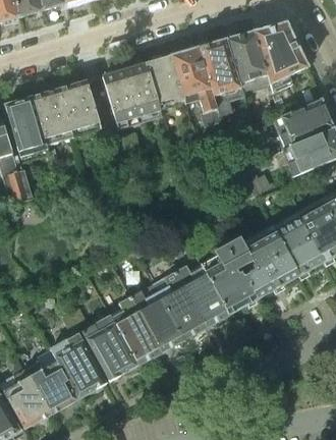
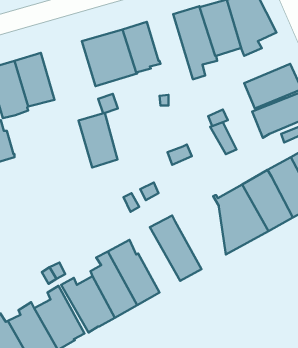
building: [172,47,222,125] -> none
building: [61,79,102,136] -> [79,113,118,167]
building: [202,236,255,314] -> none
building: [158,270,207,338] -> none

